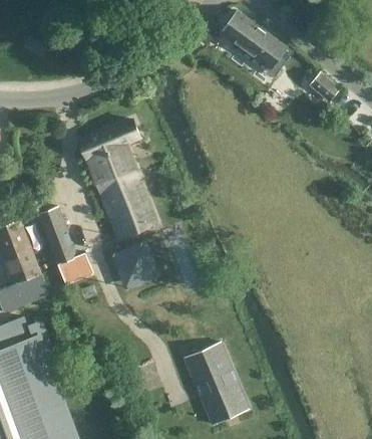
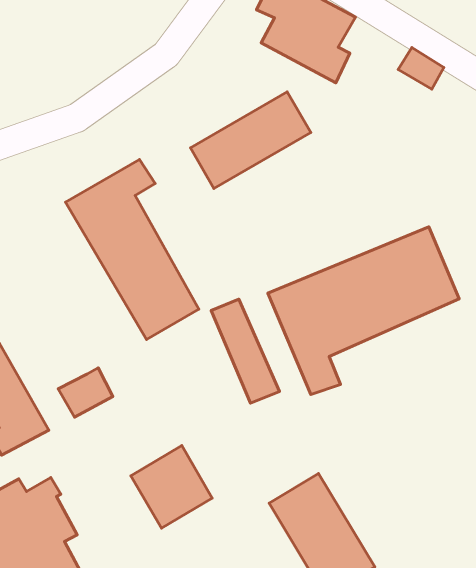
building: none -> [190,92,311,189]
building: none -> [268,227,459,395]
building: [40,207,78,263] -> none
building: [112,237,163,289] -> [131,446,212,528]

